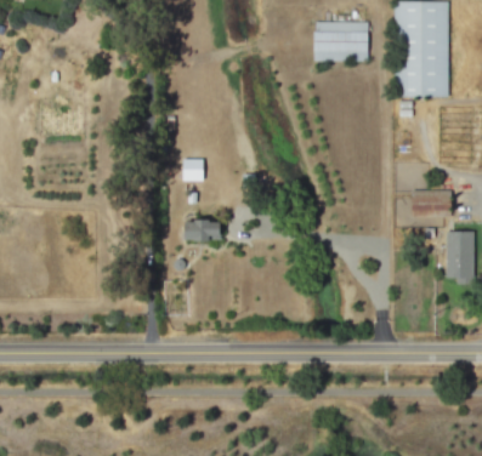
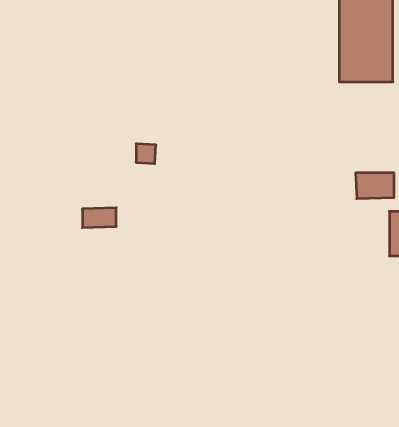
building: [316,21,369,61] -> none
building: [186,221,221,241] -> [82,208,116,228]

